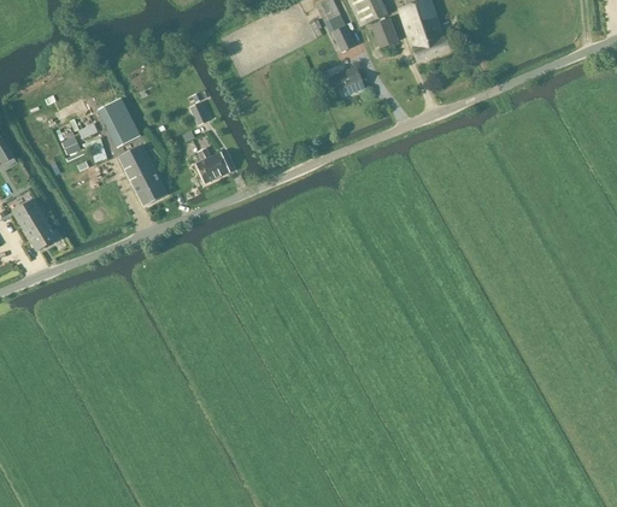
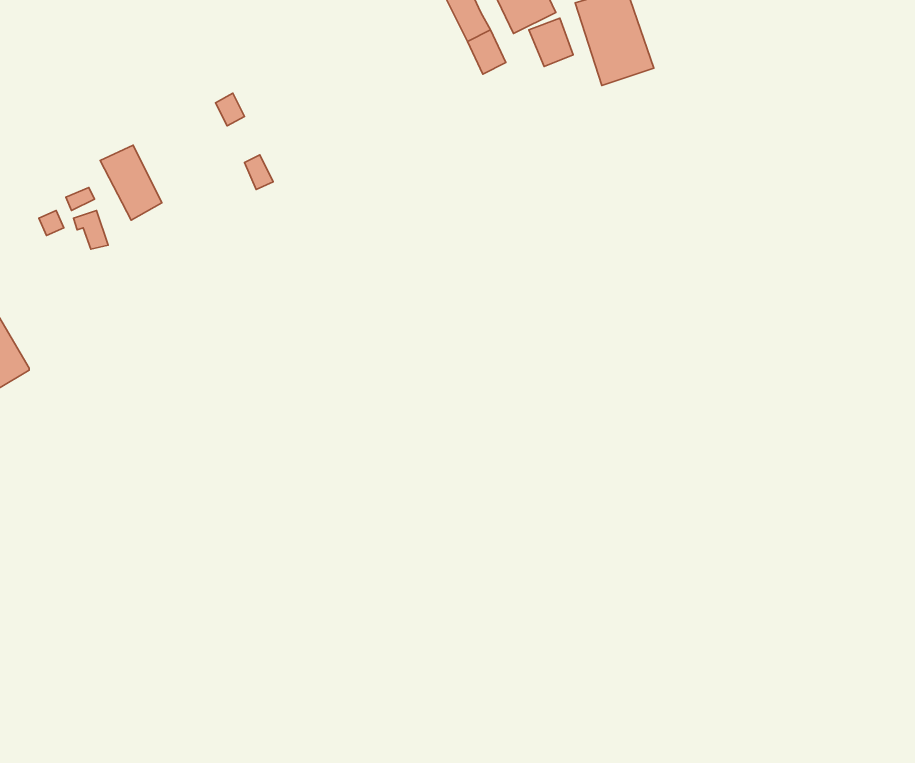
building: [328,65,364,95] -> none
building: [119,143,166,205] -> none
building: [195,148,229,182] -> none

